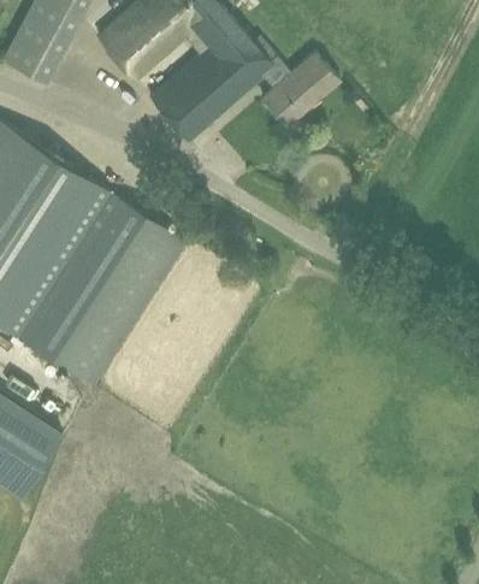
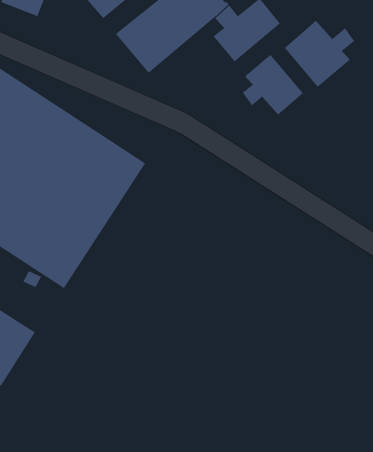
building: none -> [284,20,355,88]
building: none -> [242,54,304,116]

